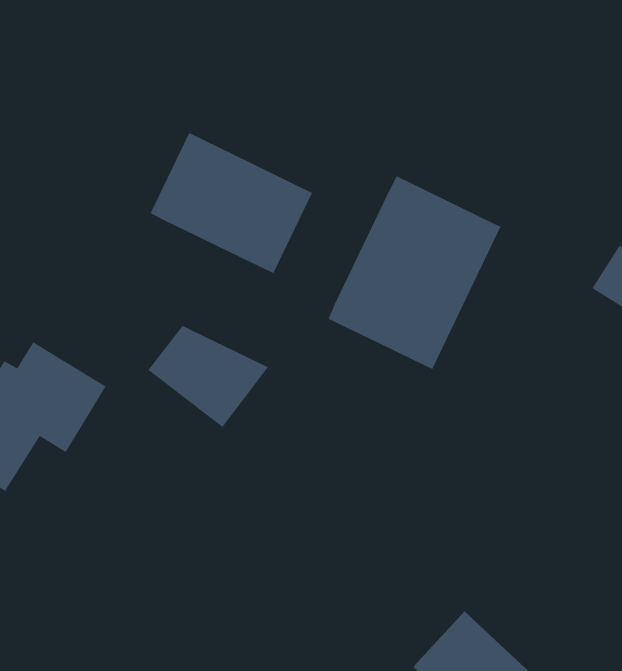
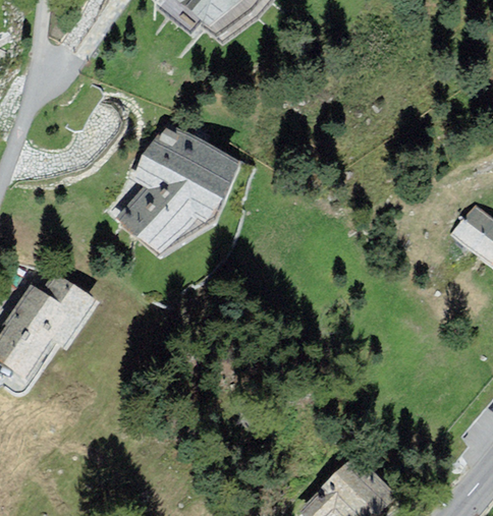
building: [328,176,501,370] -> none
building: [148,325,269,428] -> [120,185,206,257]

